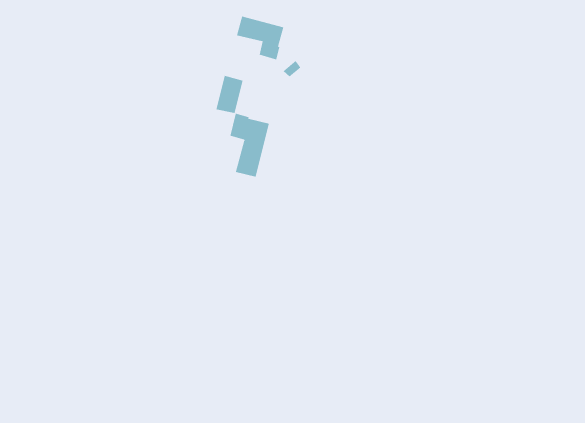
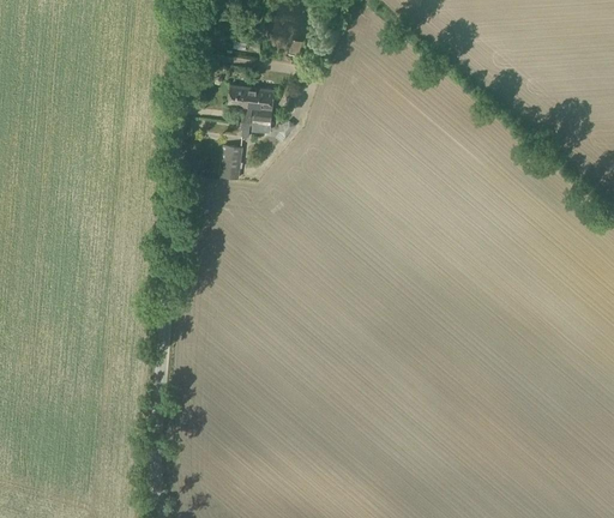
building: [230,113,270,178] -> none

